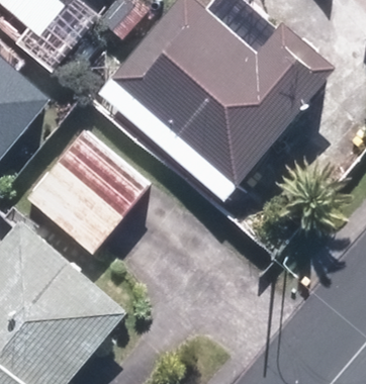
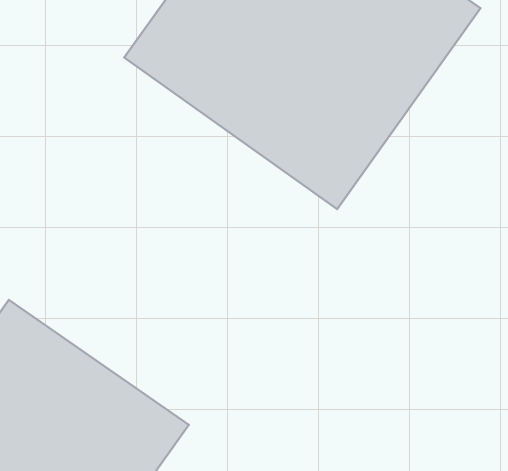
building: [25,130,149,254] -> none

